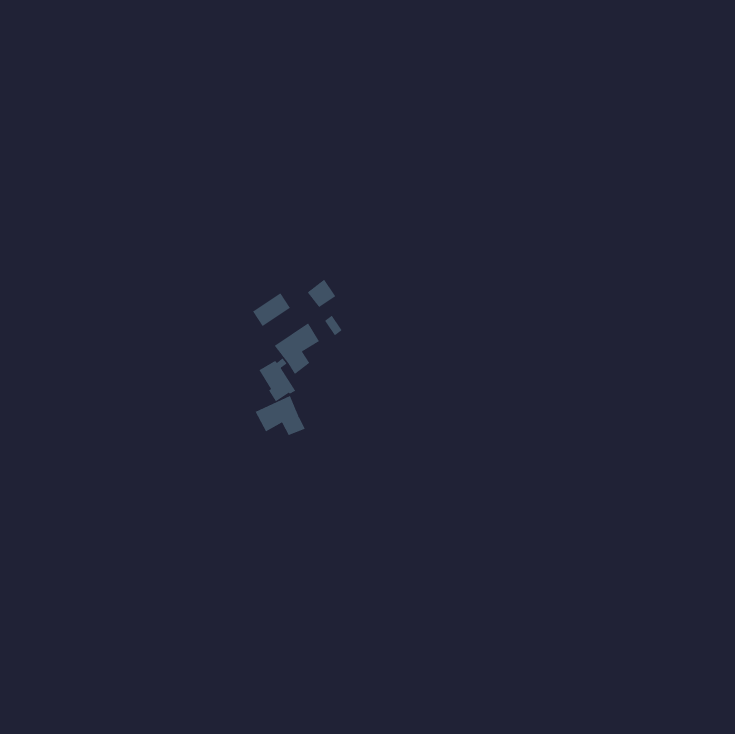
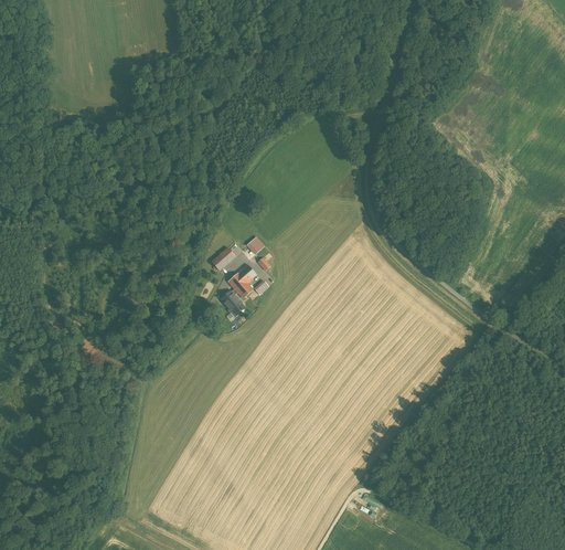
building: [255,395,305,436] -> none

